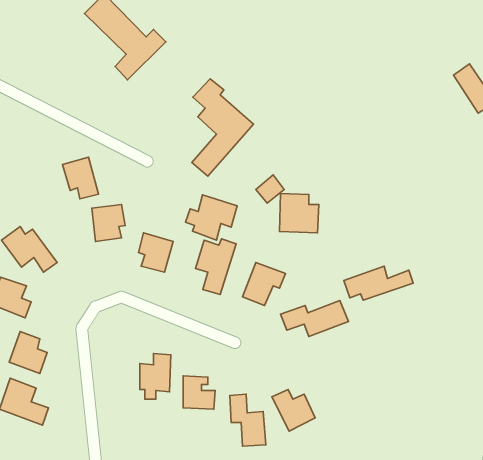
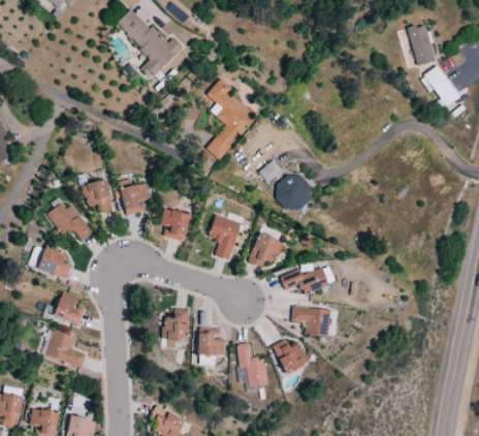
building: none -> [407,24,436,65]
building: [63,157,98,199] -> [84,179,114,214]
building: [185,195,237,240] -> none
building: [344,266,413,300] -> none
building: none -> [291,306,330,337]

